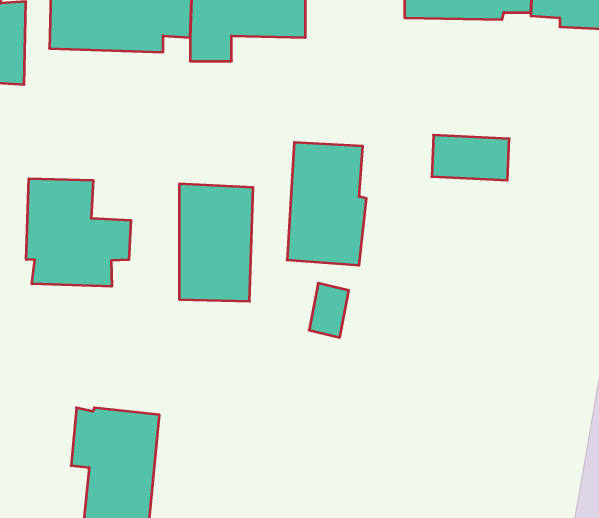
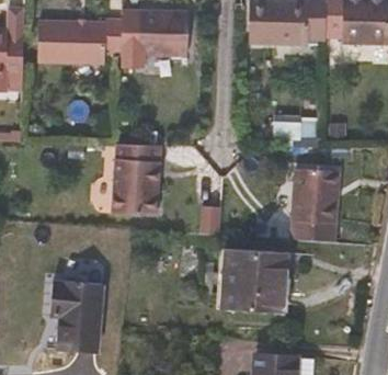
building: [287,142,366,265] -> [292,168,340,242]
building: [26,179,131,286] -> none
building: none -> [227,248,286,312]

